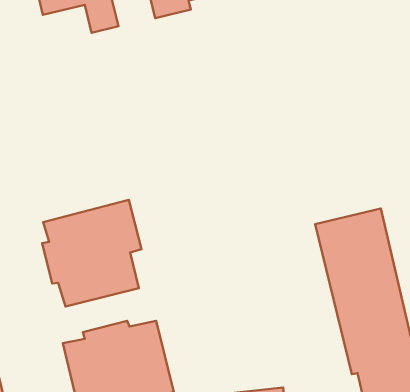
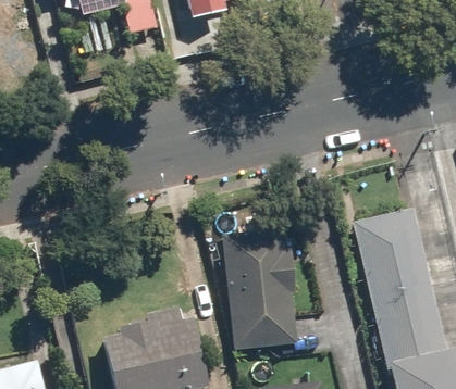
building: [42,200,141,307] -> none
building: none -> [223,229,298,349]

